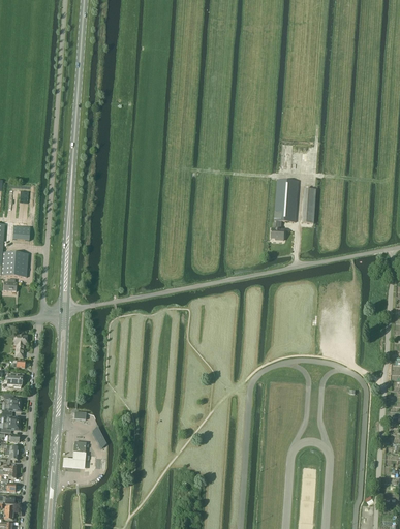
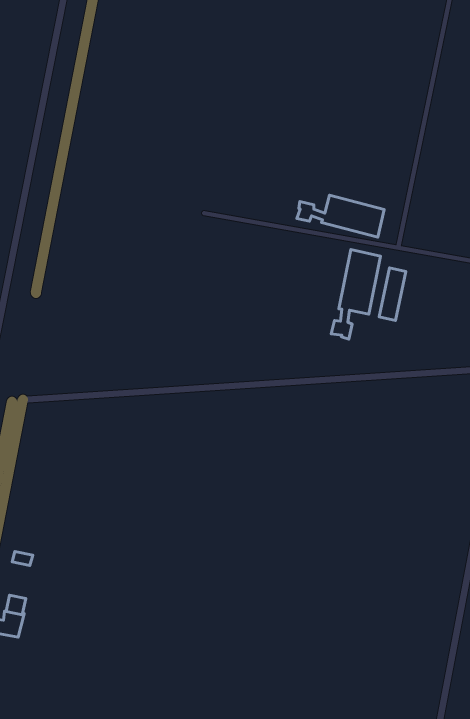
building: none -> [297,195,384,237]

